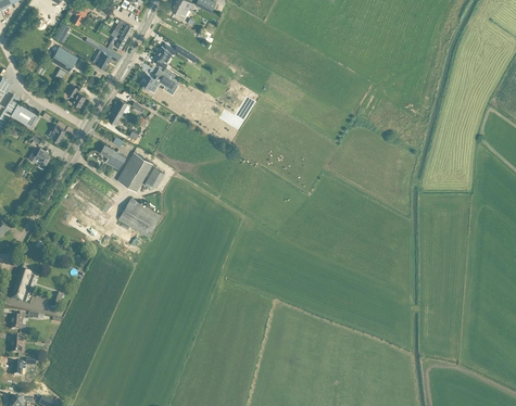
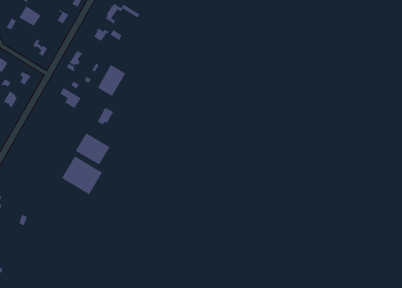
building: [116,151,151,190] -> [97,64,126,97]
building: none -> [61,155,103,195]

